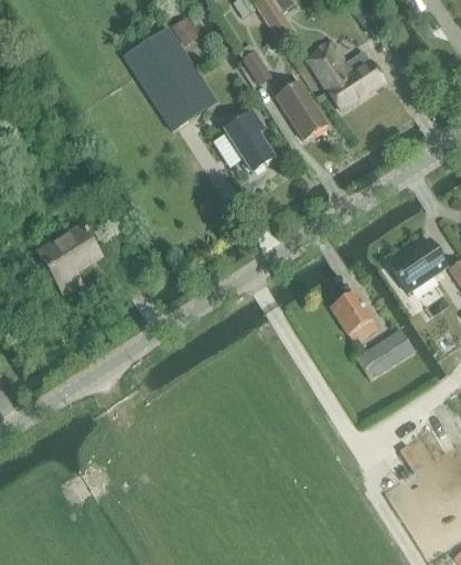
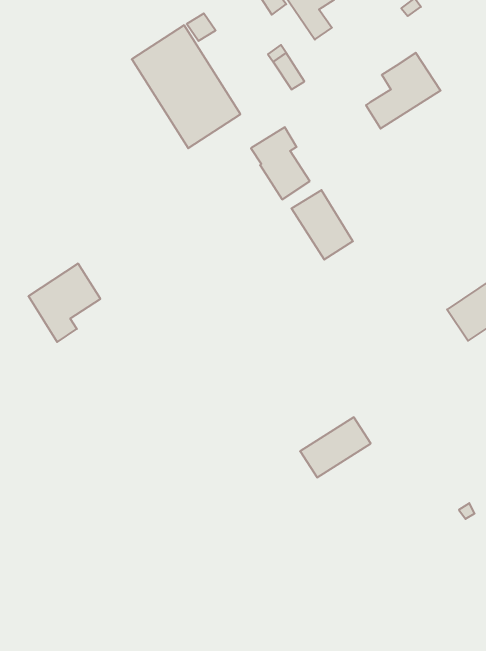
building: [304,36,347,90] -> none
building: [277,79,329,138] -> [291,190,353,260]
building: [330,289,377,341] -> none
building: [356,328,416,379] -> [300,417,371,477]

